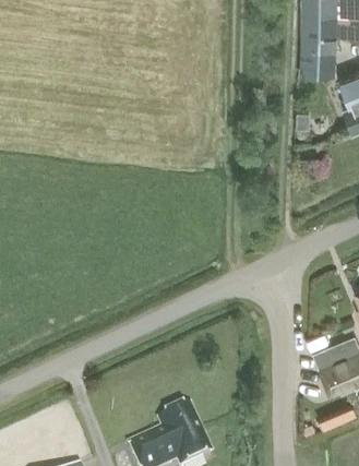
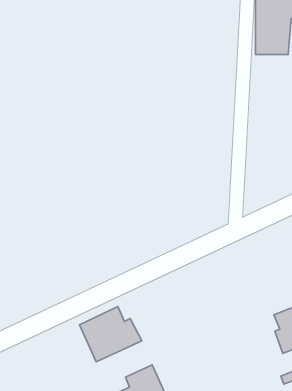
building: none -> [80,306,142,362]

